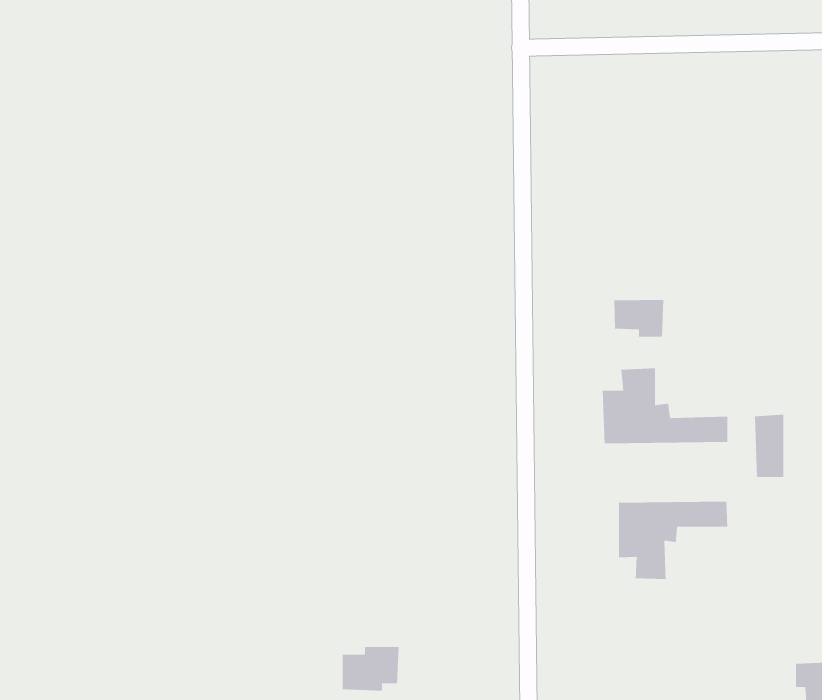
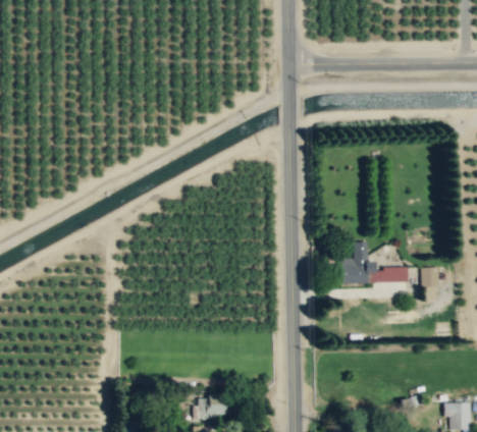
building: [614,299,664,338] -> none
building: [619,501,728,580] -> none

